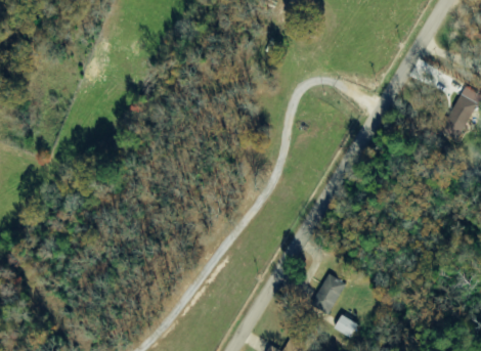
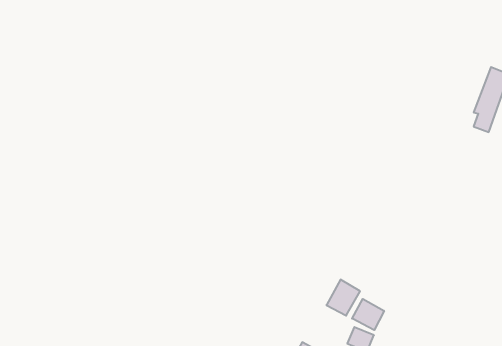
building: none -> [352,299,384,330]

